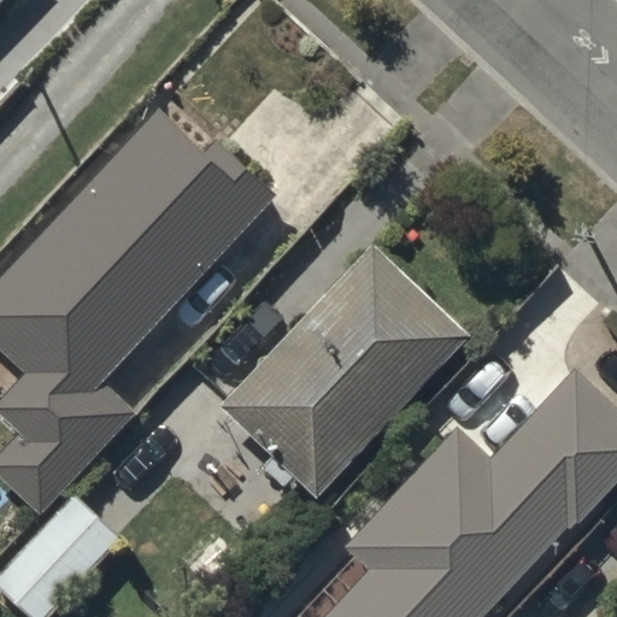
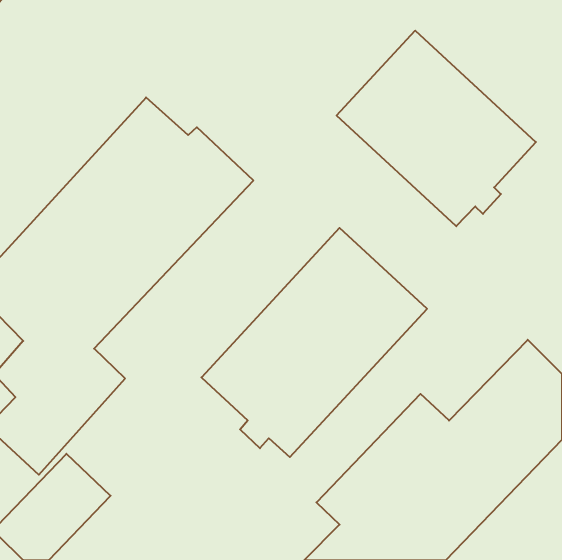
building: none -> [337,31,536,226]

